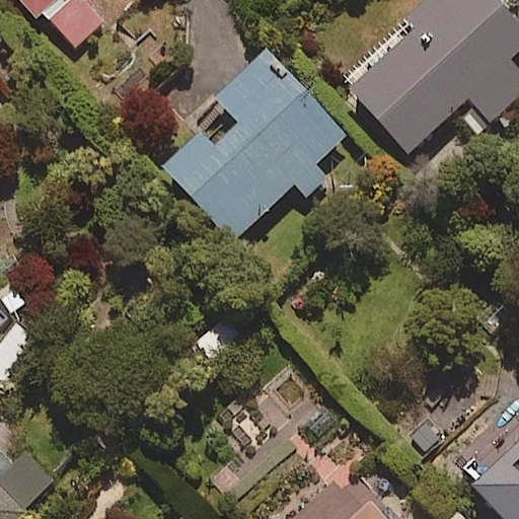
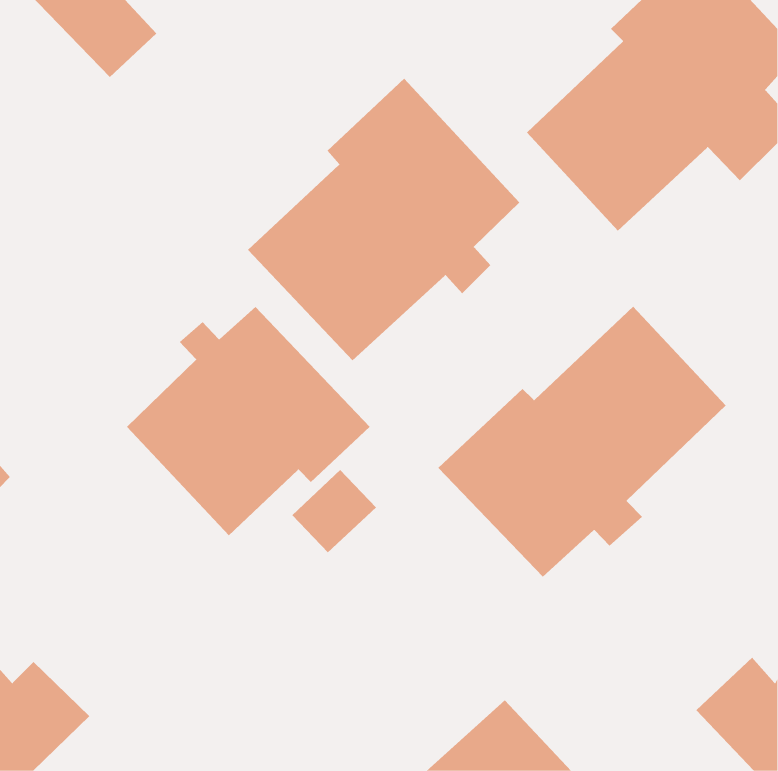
building: none -> [438,306,727,577]
building: none -> [126,306,371,536]

